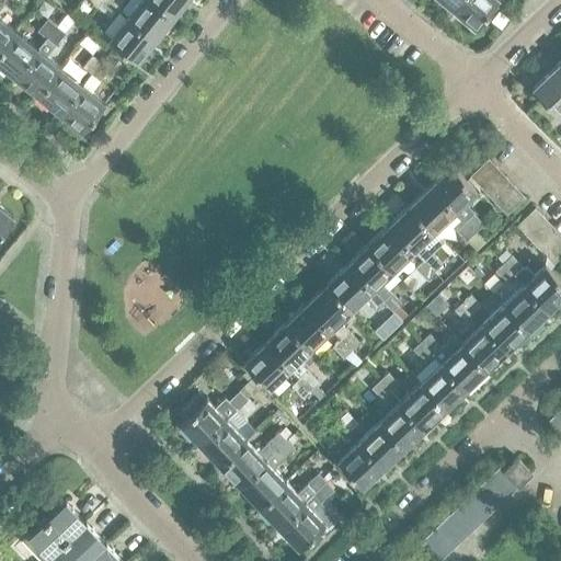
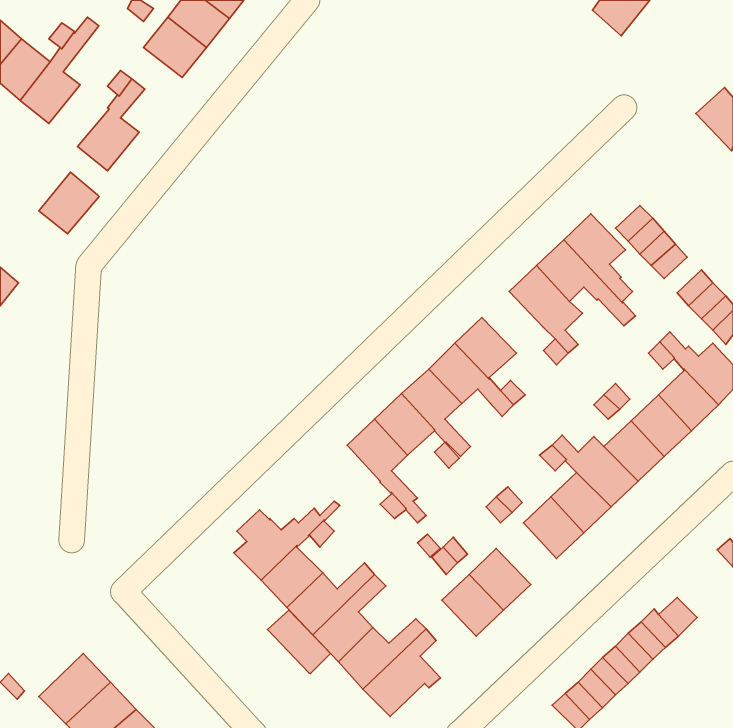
building: [37,69,83,116] -> [39,172,99,234]
building: [368,227,415,274] -> none
building: [244,344,290,391] -> none
building: [379,403,425,450] -> none
building: none -> [268,610,331,673]

